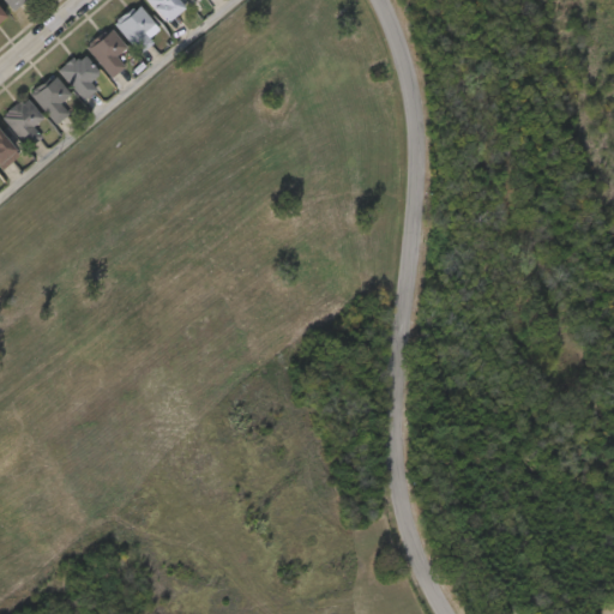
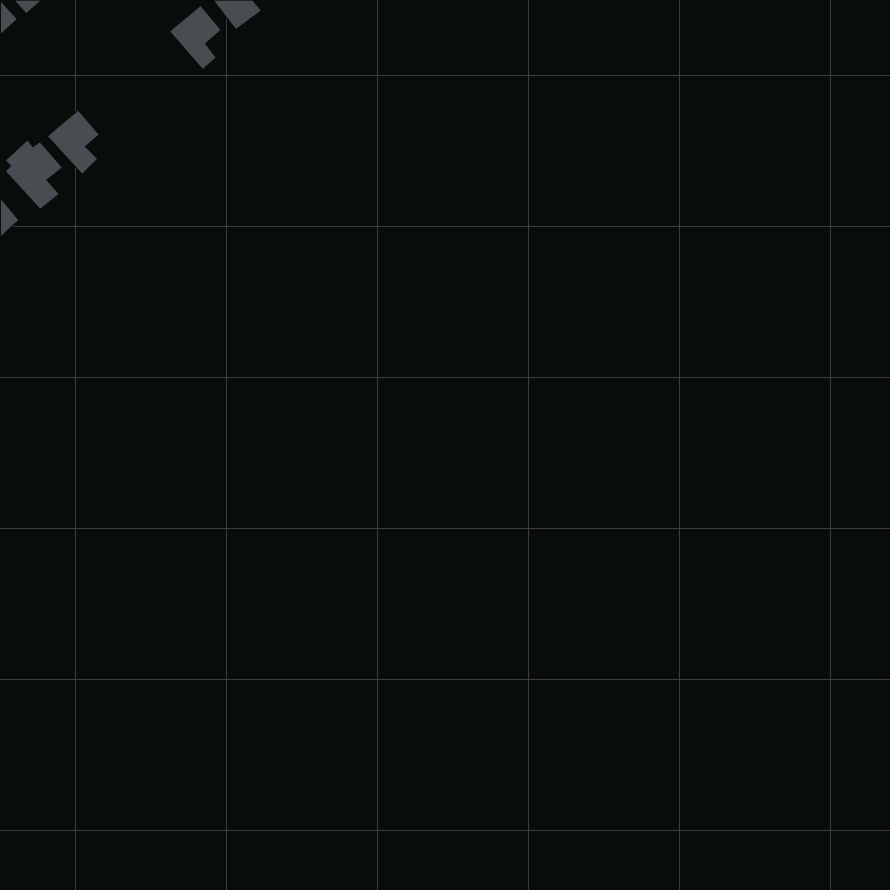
building: [91,30,125,73] -> none
building: [56,54,101,101] -> none

